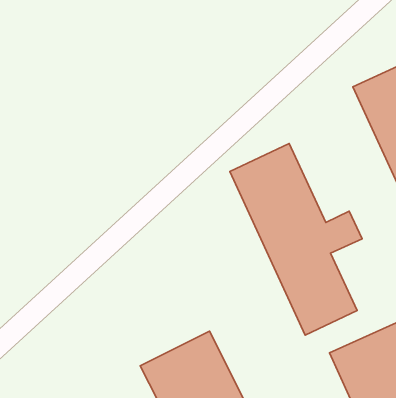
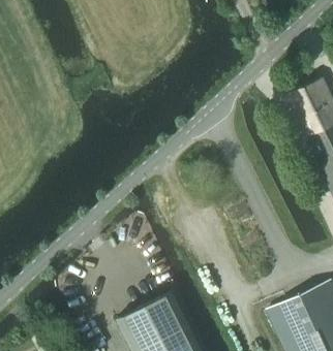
building: [230,143,362,335] -> none

